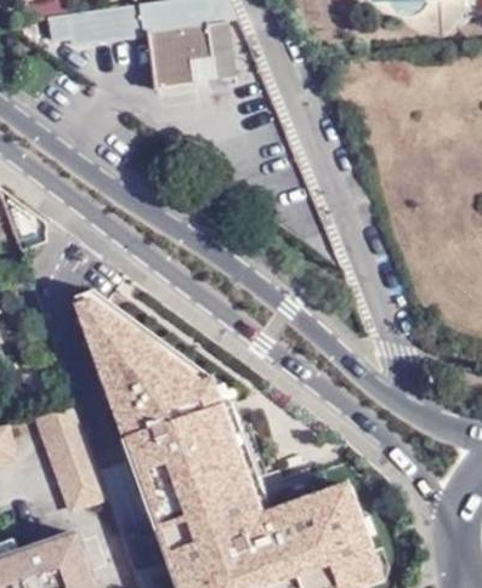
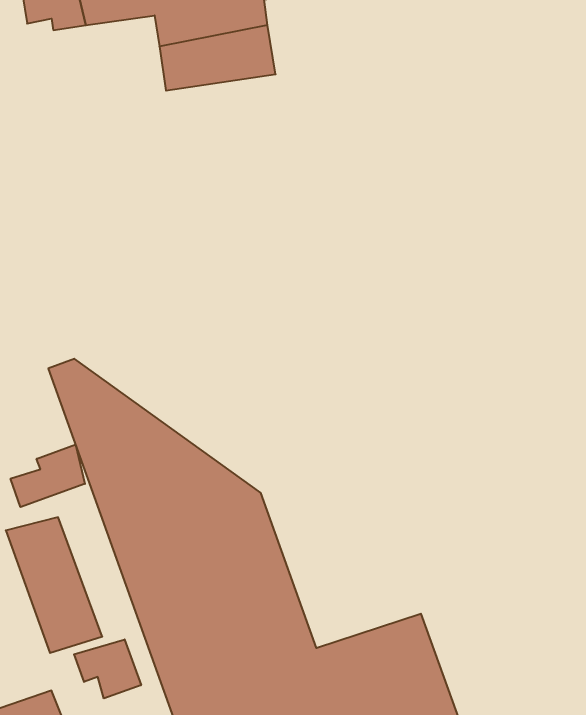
building: none -> [11,445,85,507]
building: none -> [74,639,141,698]

